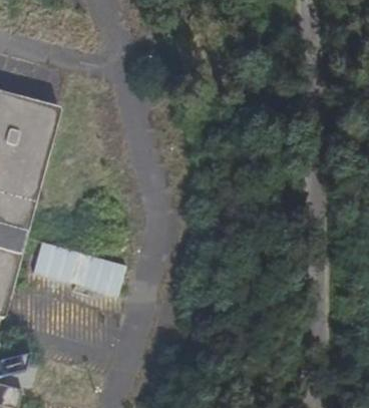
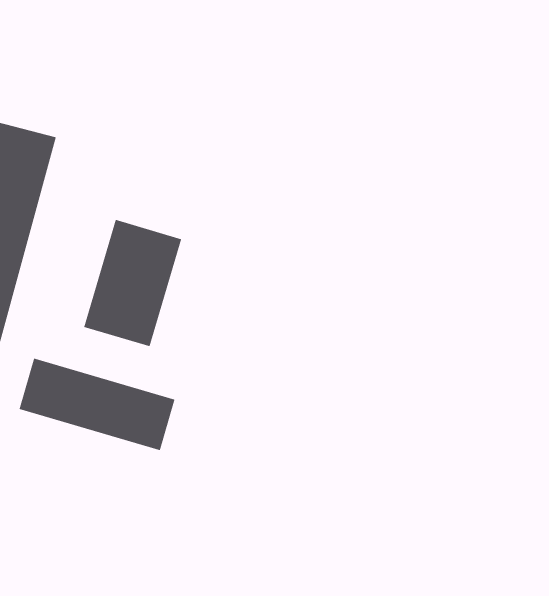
building: none -> [83,219,182,347]

